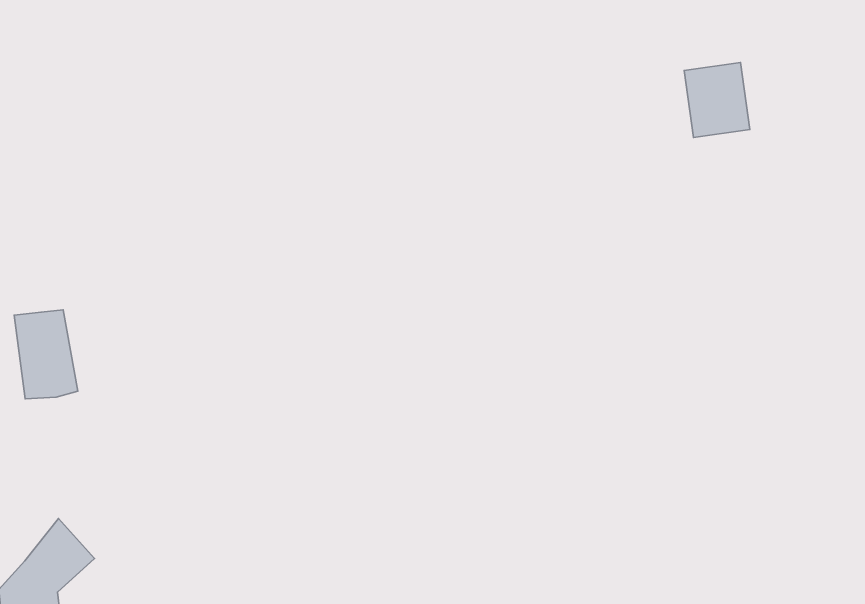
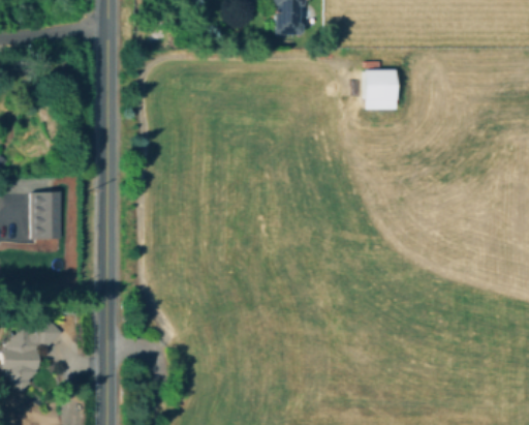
building: [684,62,750,138] -> [361,68,394,108]

